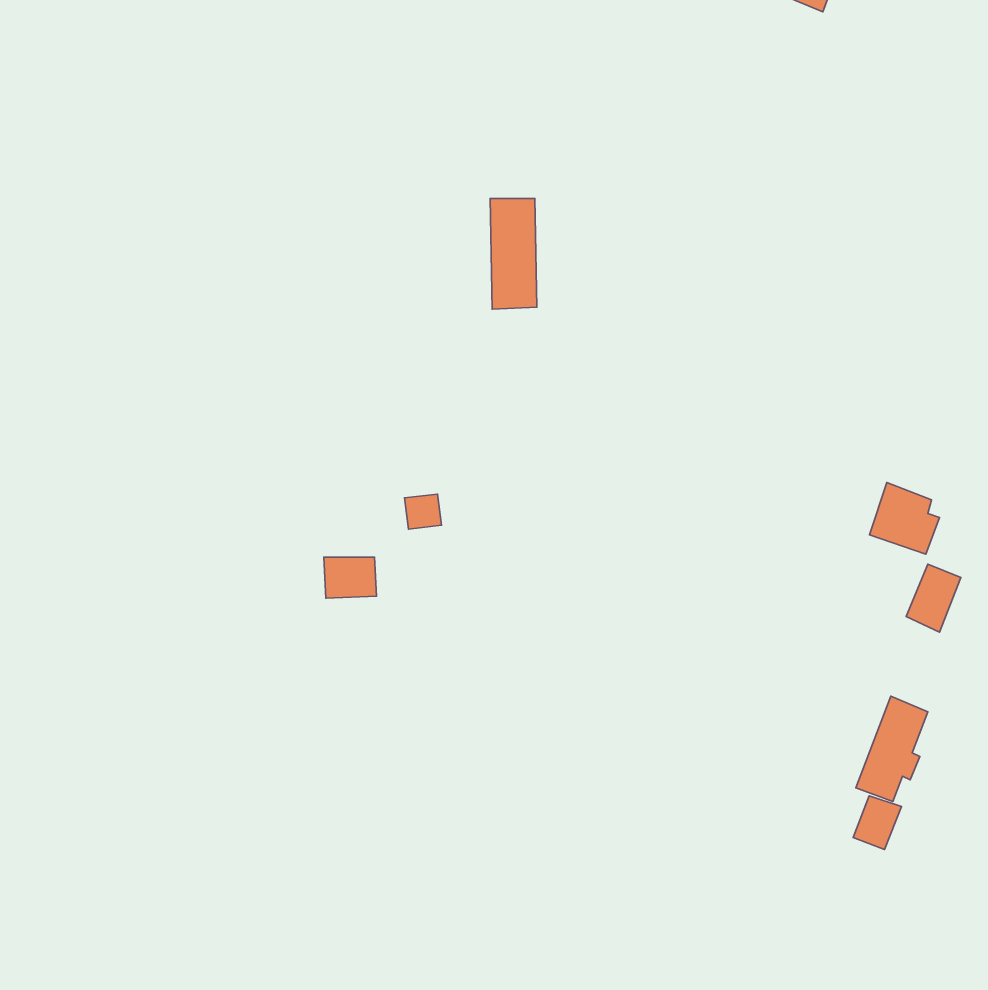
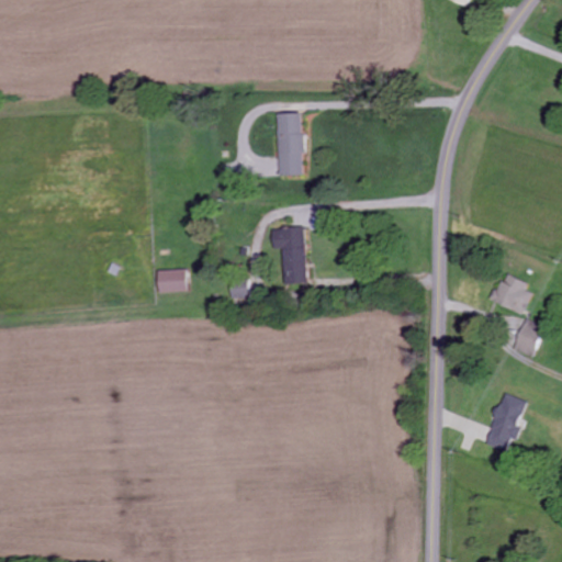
building: none -> [271,227,305,283]
building: [324,557,376,598] -> [156,269,186,292]
building: [853,796,902,850] -> none

